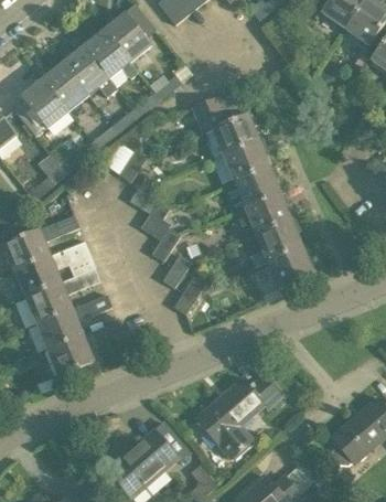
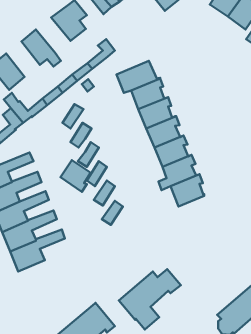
building: [82,30,136,78] -> none
building: [41,63,87,111] -> none
building: none -> [61,160,91,192]

